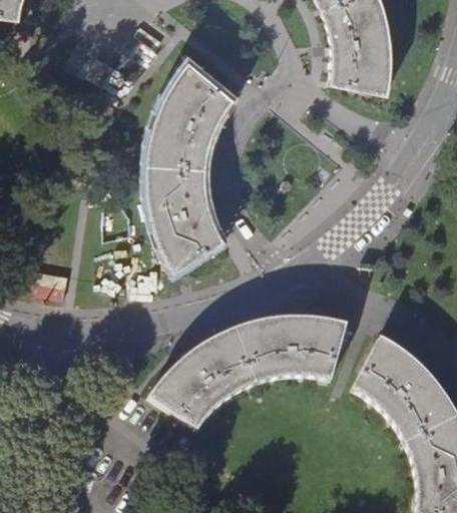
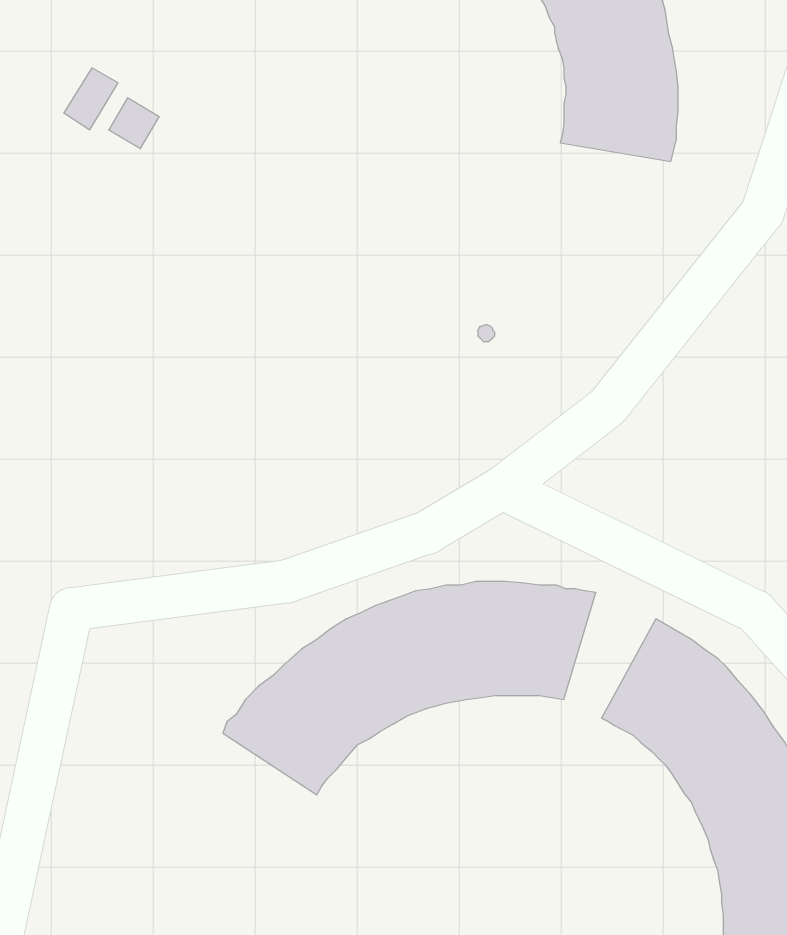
building: [145,58,232,270] -> none

